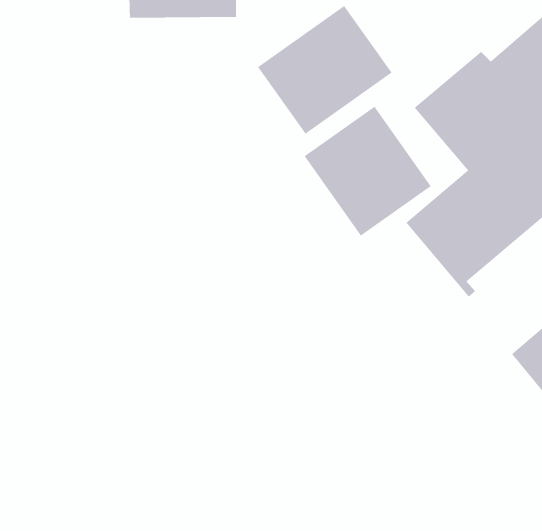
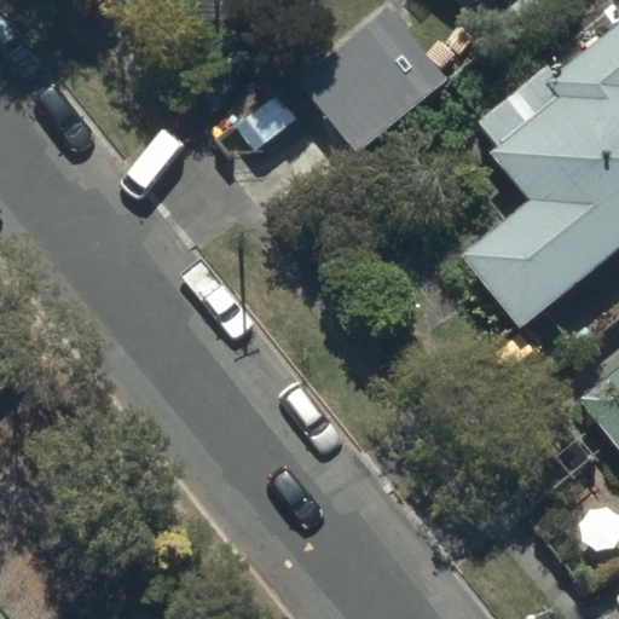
building: [304,106,431,237] -> none

